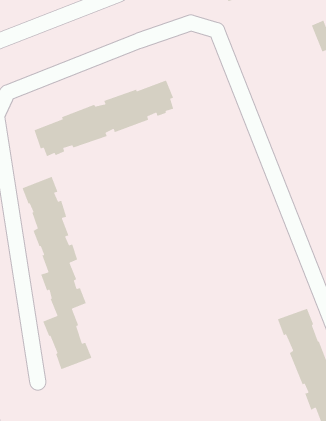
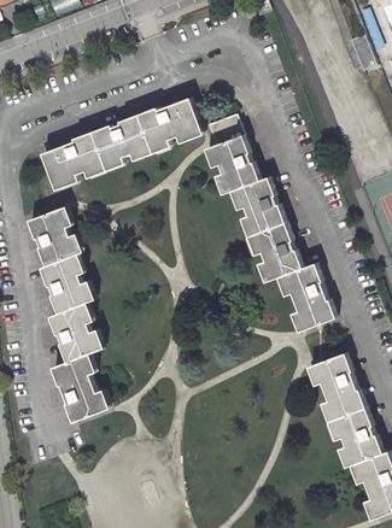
building: none -> [205,115,334,330]

